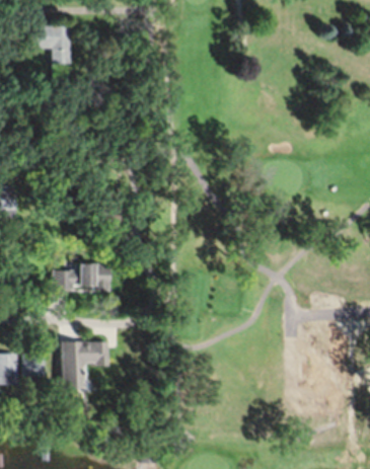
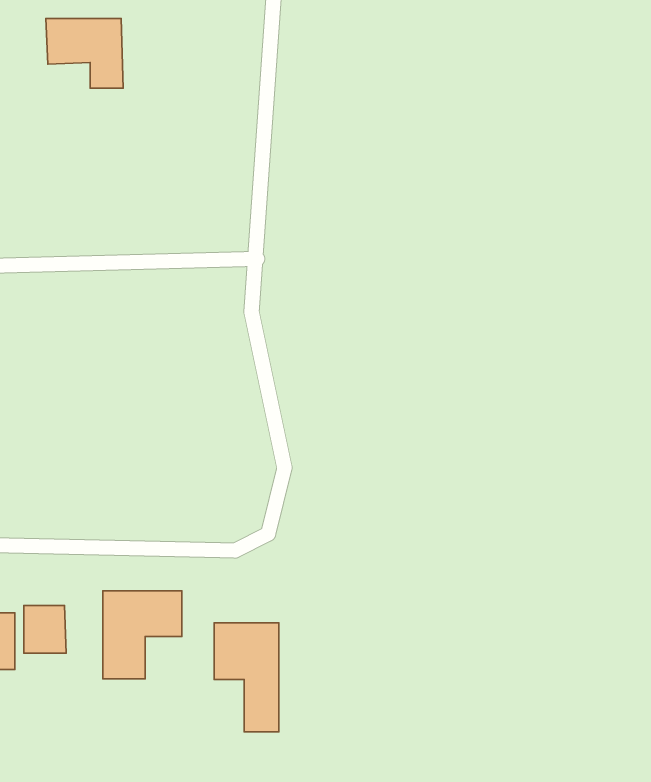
building: [55,262,100,293] -> none
building: none -> [214,623,279,732]

